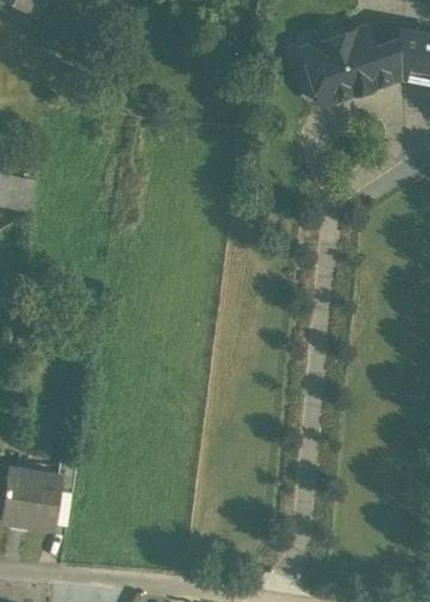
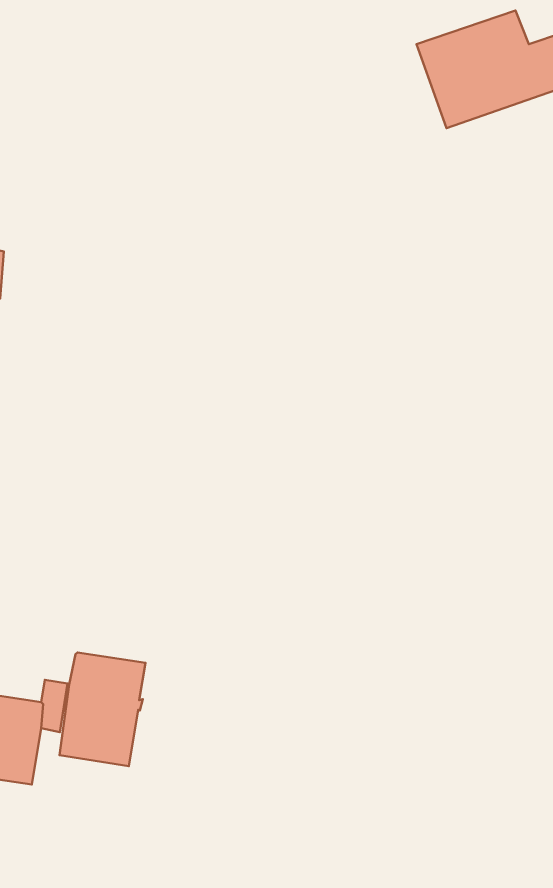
building: none -> [60,653,145,766]

